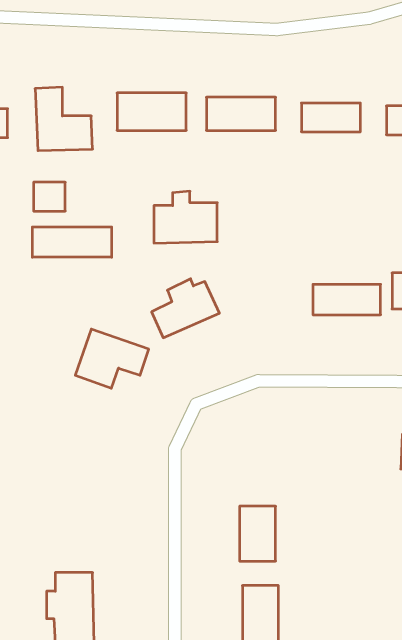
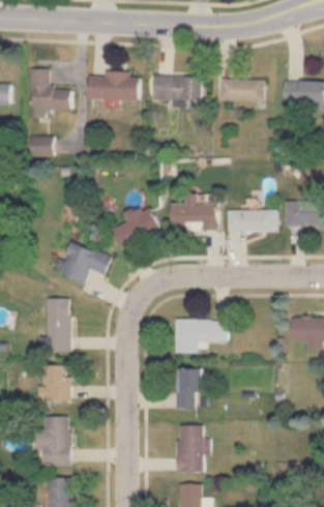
building: [154,191,217,243] -> [172,193,217,231]
building: [32,227,112,257] -> none
building: none -> [45,299,69,352]
building: none -> [175,321,227,354]
building: none -> [36,366,69,400]

